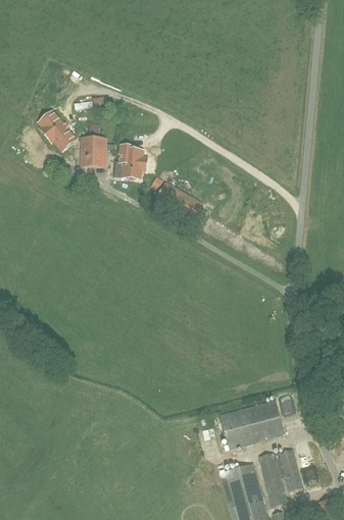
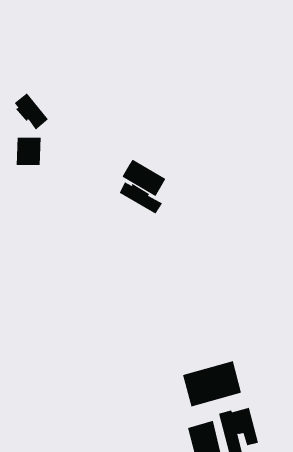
building: [77,134,104,164] -> [16,137,41,166]
building: [119,146,148,179] -> none
building: none -> [119,181,163,215]

